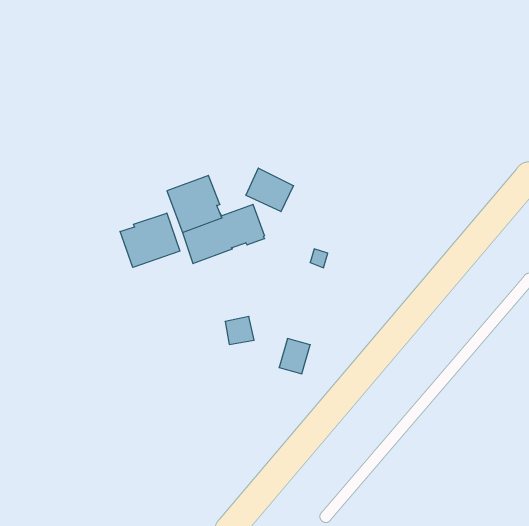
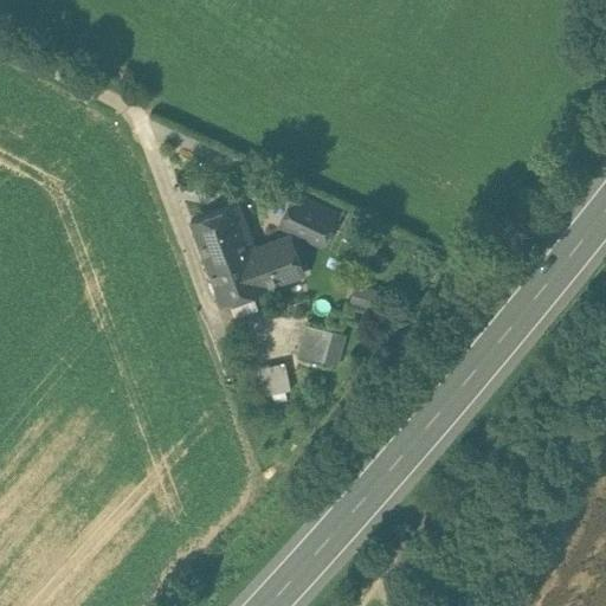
building: [120,213,180,267] -> none
building: [279,339,310,374] -> [296,327,331,367]

